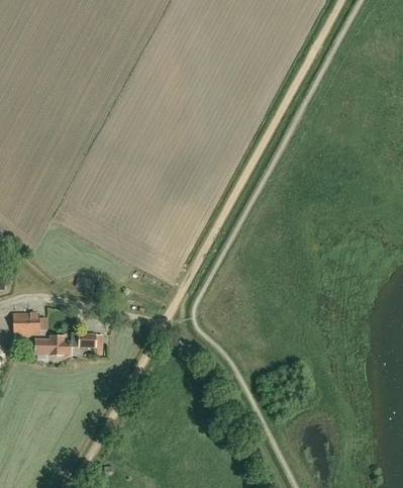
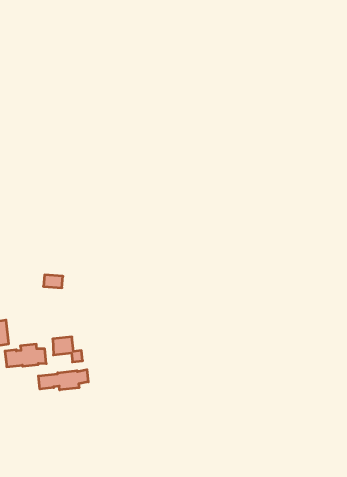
building: none -> [38,370,88,390]

